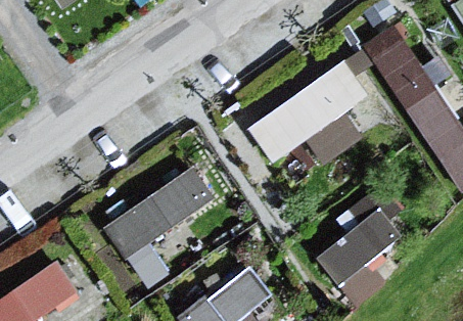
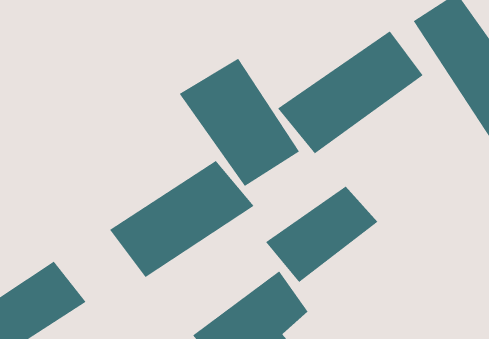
building: none -> [179,58,300,187]
building: [312,202,408,285] -> [265,186,378,283]

